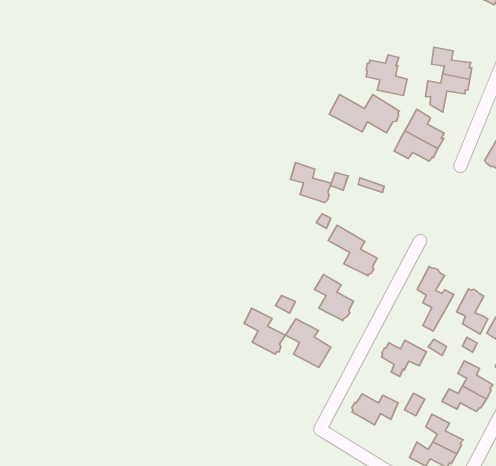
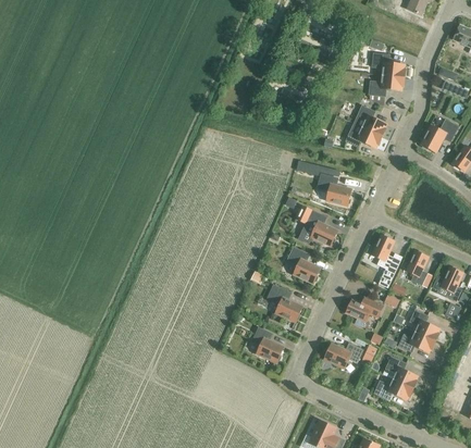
building: [366,55,407,96] -> none
building: [329,94,399,133] -> none
building: [291,163,331,203] -> [318,173,351,204]
building: [244,308,285,354] -> [249,325,284,362]

